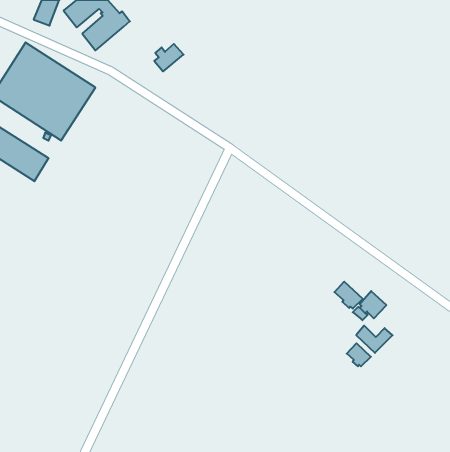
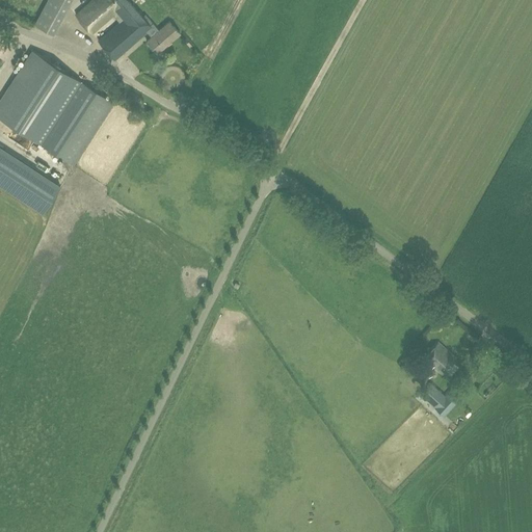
building: [154,44,184,71] -> [144,21,179,53]
building: [334,282,363,309] -> none
building: [347,343,371,366] -> none

